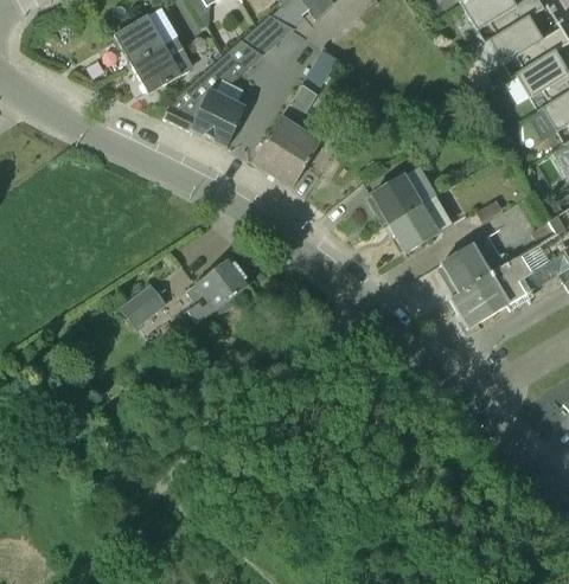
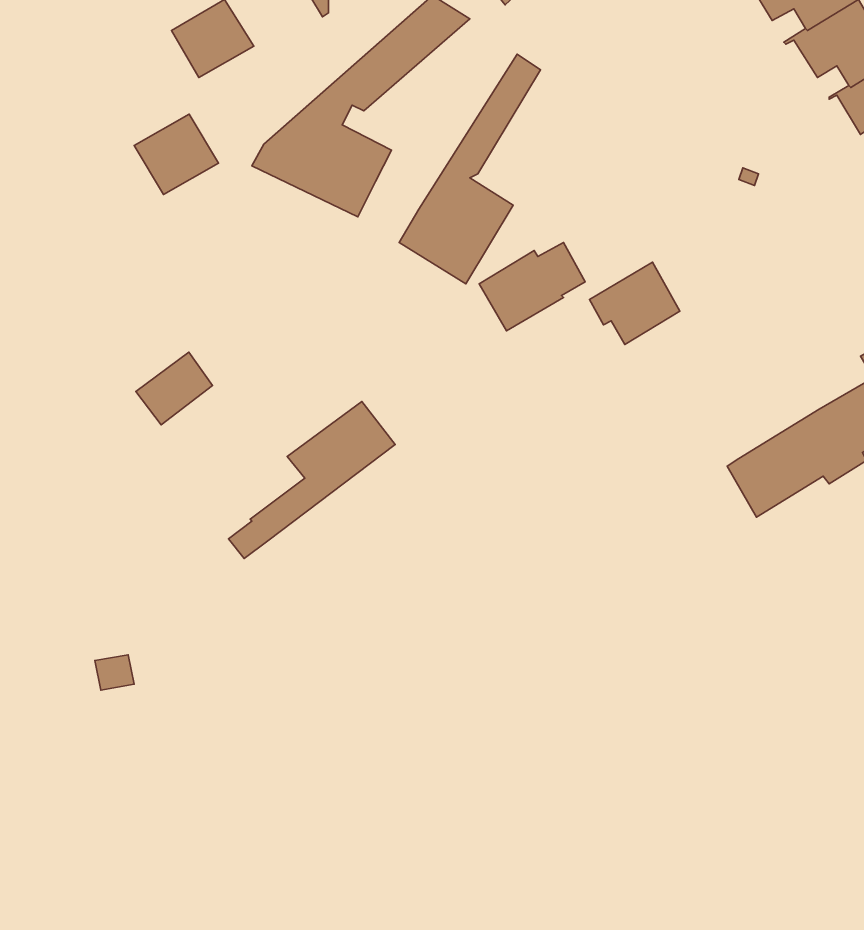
building: [132,43,183,91] -> [134,114,218,195]
building: [389,198,453,251] -> [479,243,585,331]
building: [441,233,506,291] -> none
building: [121,283,167,327] -> [136,352,212,425]

